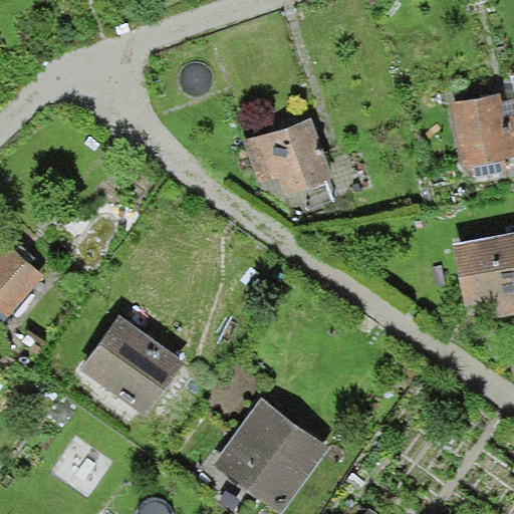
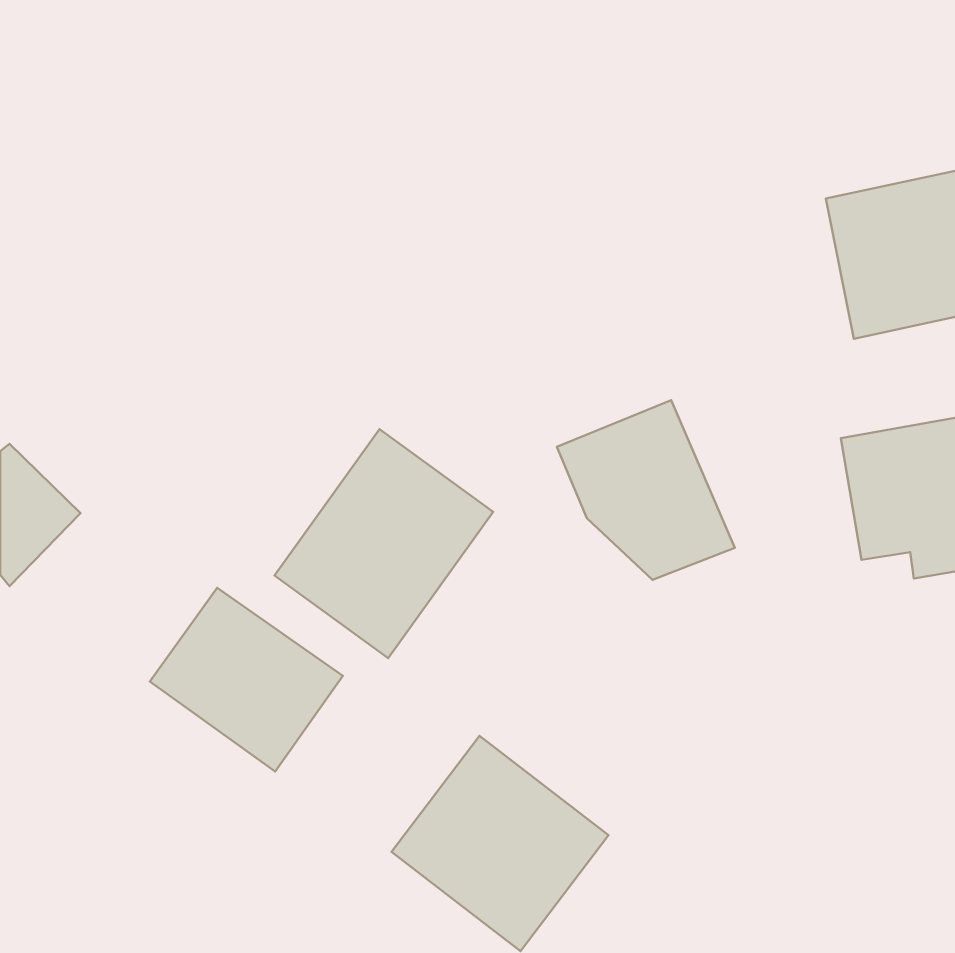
building: [246,116,341,213] -> [557,400,735,580]
building: none -> [274,429,493,658]

